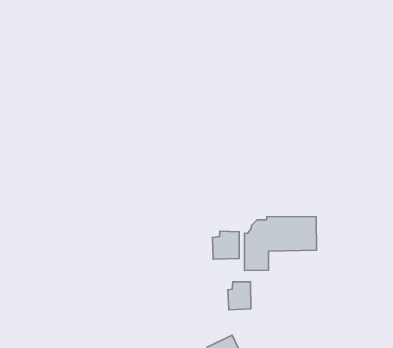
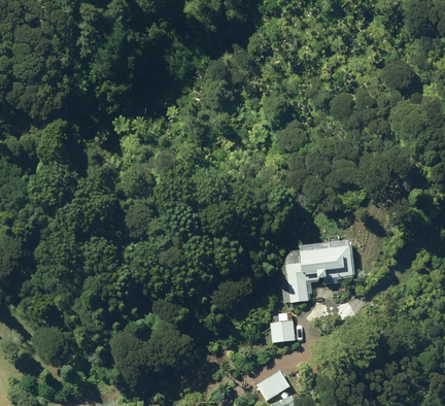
building: [213,231,239,259] -> none

